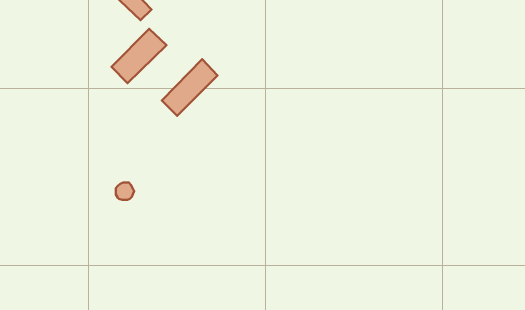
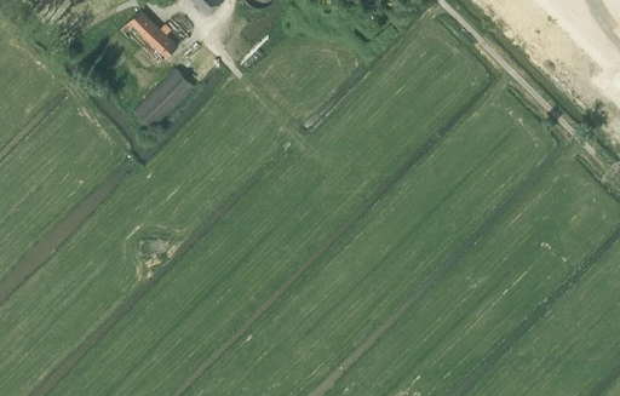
building: [162,59,218,116] -> none

